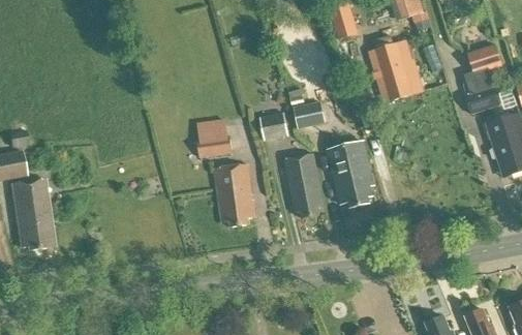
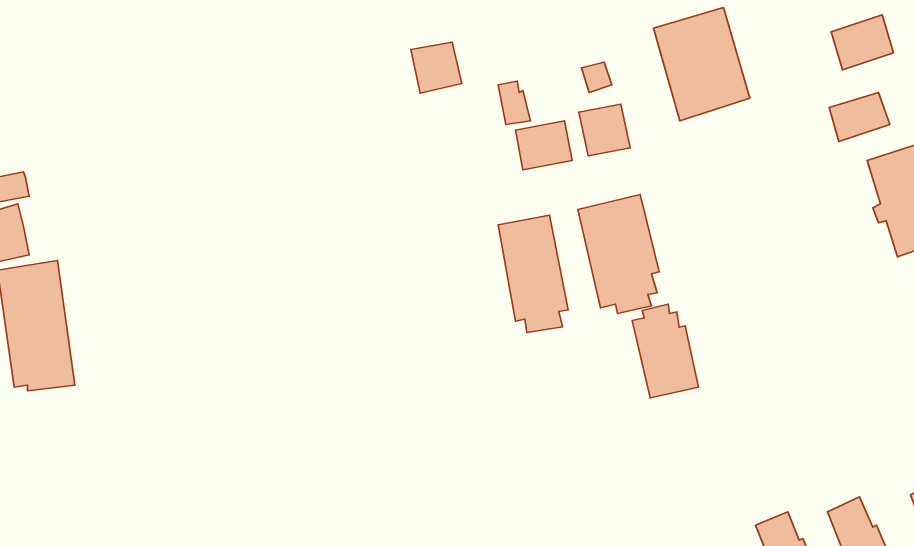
building: none -> [579,104,630,156]
building: [262,112,289,140] -> [411,42,462,93]
building: [197,118,234,156] -> none
building: [215,163,255,226] -> none
building: none -> [632,304,699,398]

